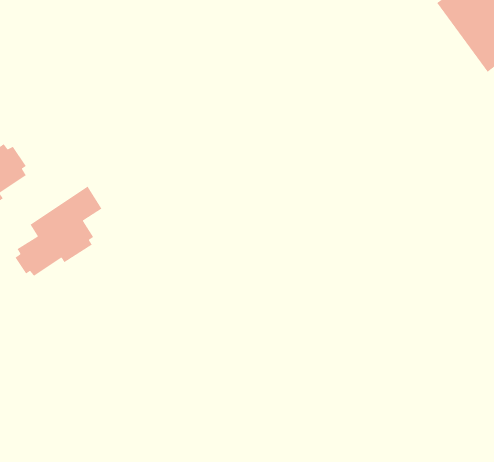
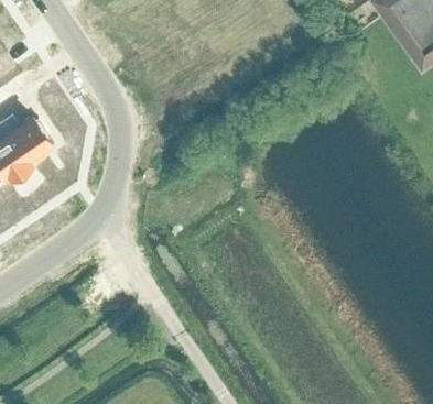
building: [15,186,102,277] -> none

